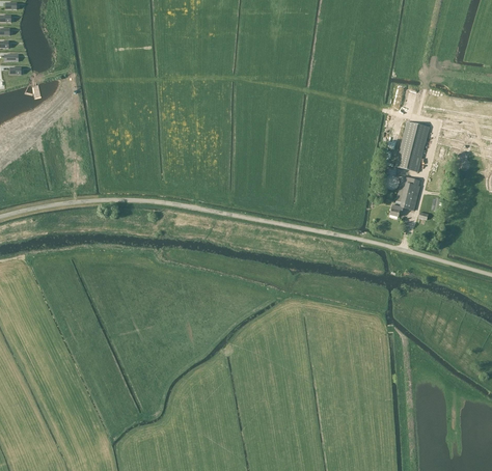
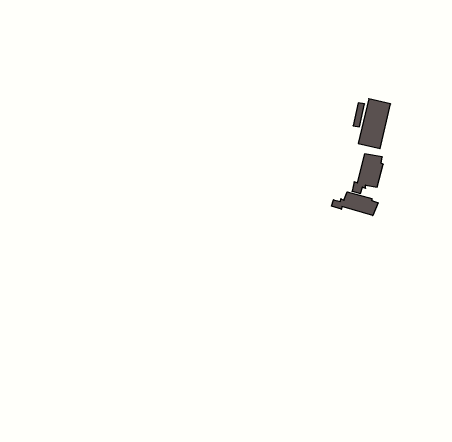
building: none -> [332,192,378,216]

